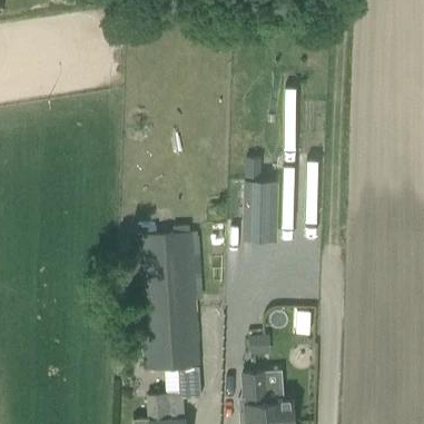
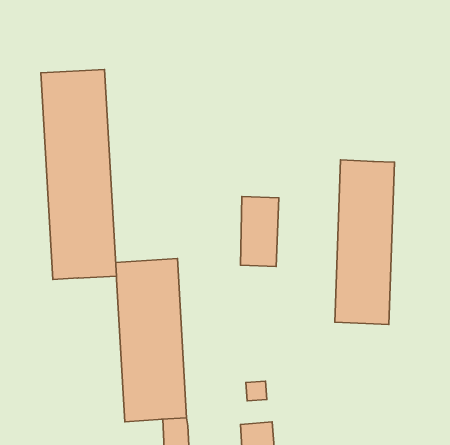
building: none -> [41,70,116,279]
building: none -> [335,160,394,324]

